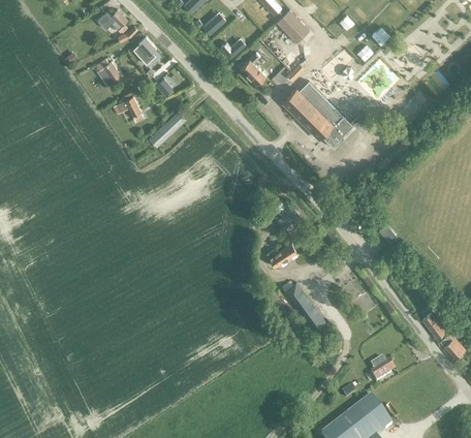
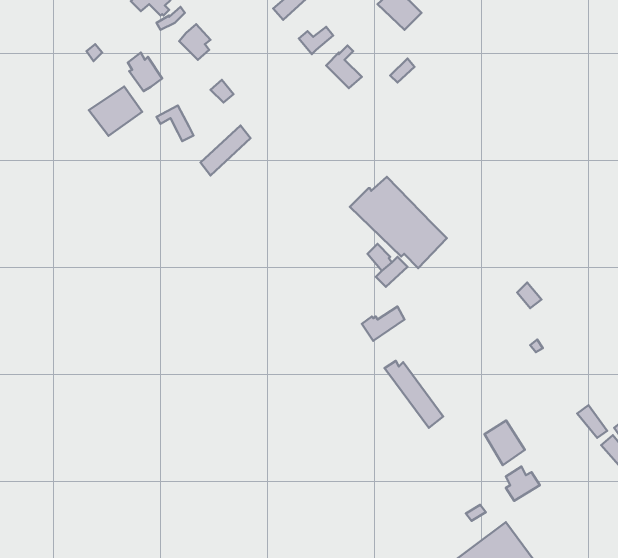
building: [282,81,352,147] -> [350,177,447,268]
building: none -> [89,87,142,136]
building: none -> [484,420,525,465]

